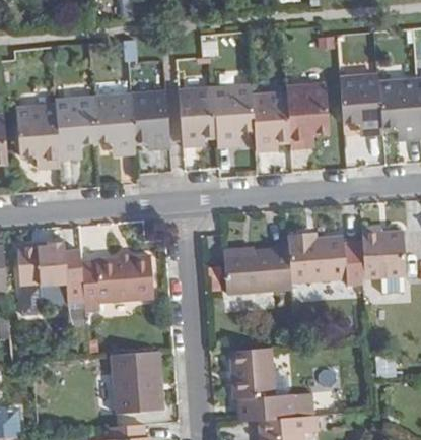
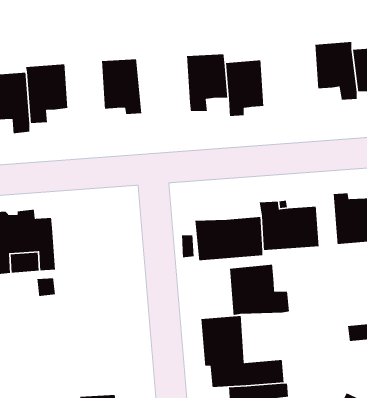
building: [289,84,331,147] -> none
building: [180,89,218,145] -> none
building: [95,95,135,153] -> none
building: [83,254,155,309] -> none
building: none -> [229,264,290,316]
building: [113,352,161,415] -> none

